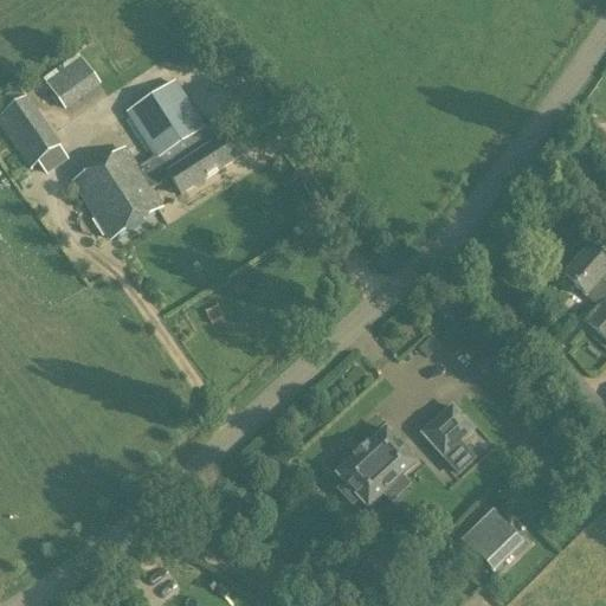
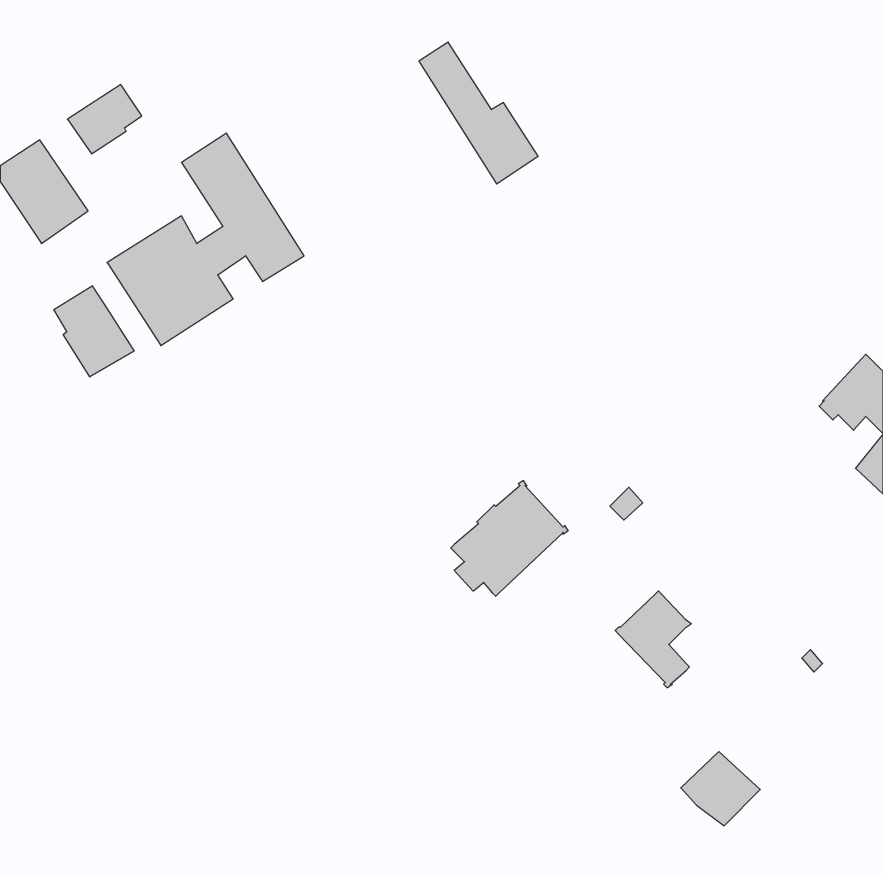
building: [155,78,237,175] -> [419,42,538,184]
building: none -> [54,286,134,377]
building: [336,426,417,505] -> [451,481,568,596]

